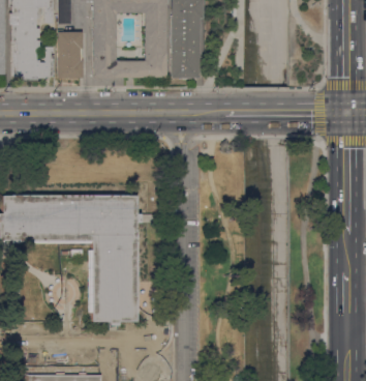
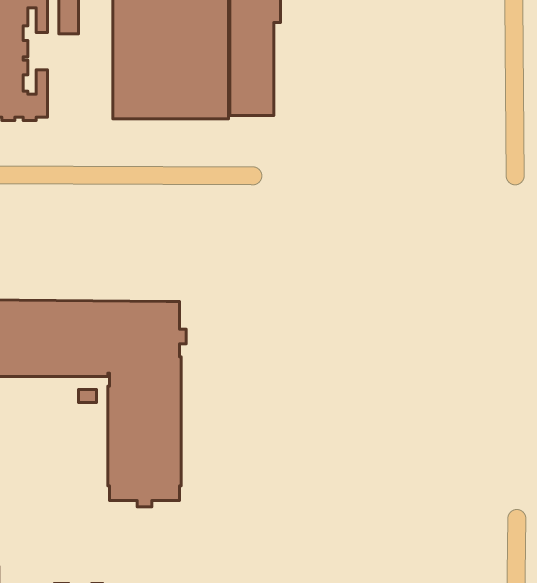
building: [59,32,83,78] -> none

